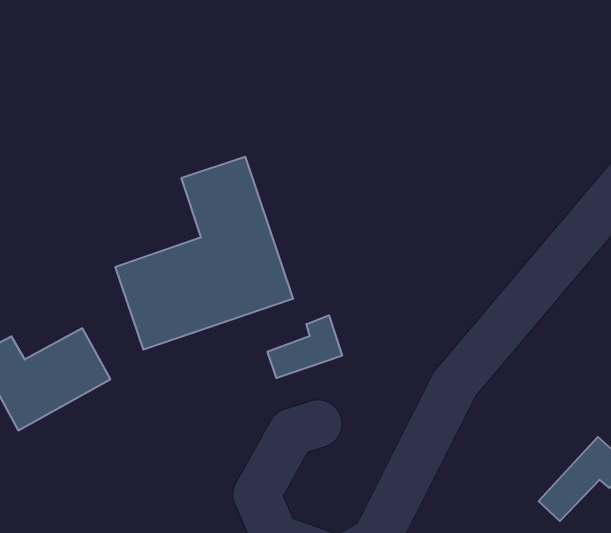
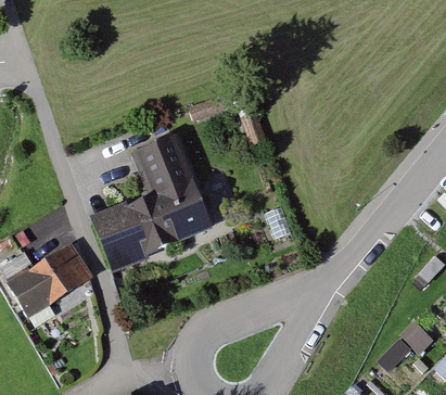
building: [267,315,342,378] -> none

